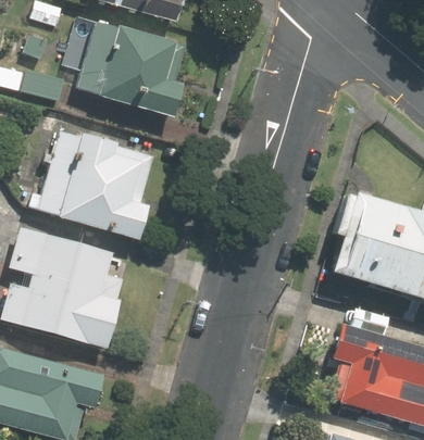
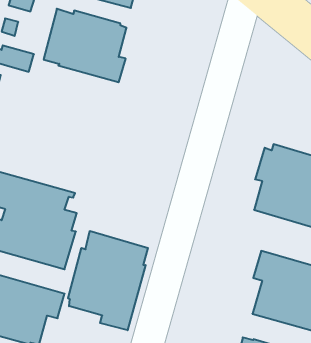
building: [28,131,148,238] -> none
building: none -> [68,231,148,330]

